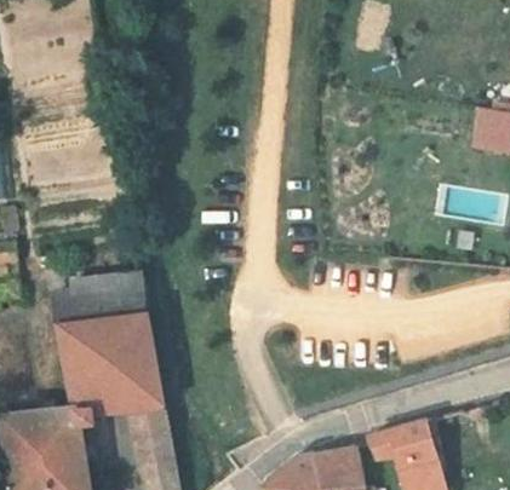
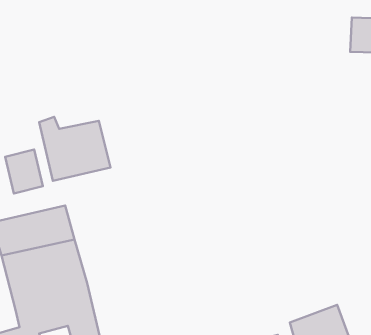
building: none -> [39,117,110,181]
building: none -> [5,149,43,194]

